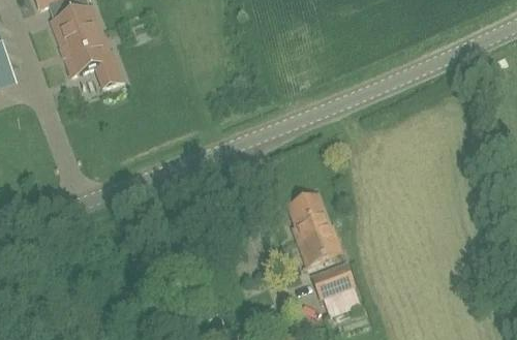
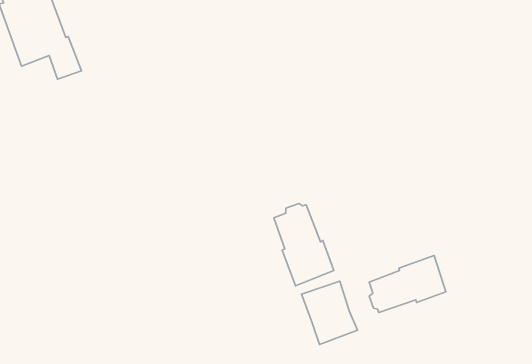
building: none -> [369,256,446,312]

